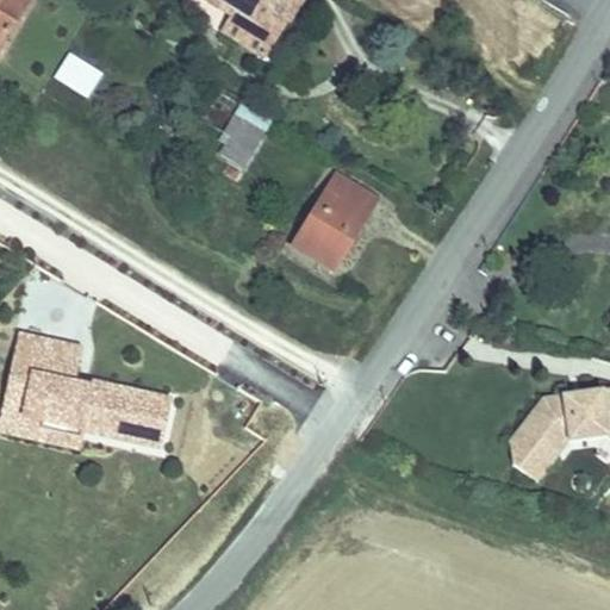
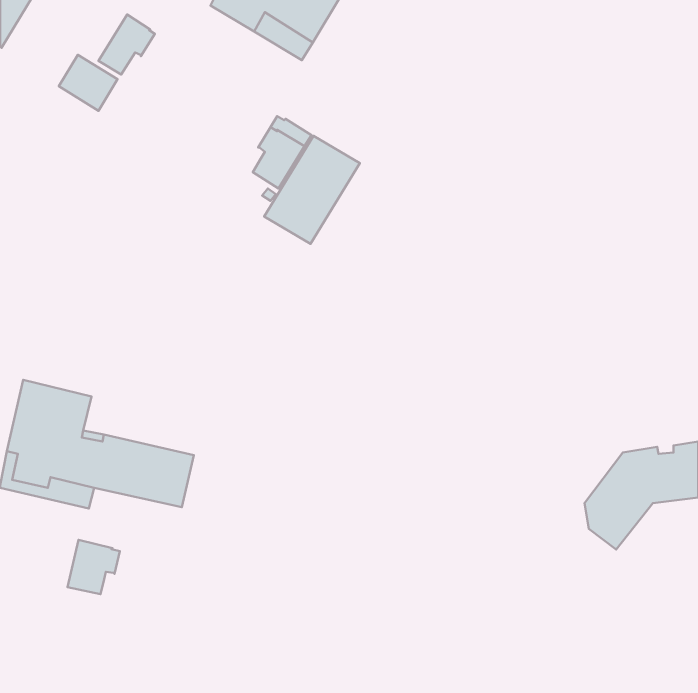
building: none -> [98,15,155,75]
building: [293,172,376,266] -> [264,136,360,244]
building: none -> [68,540,120,594]

